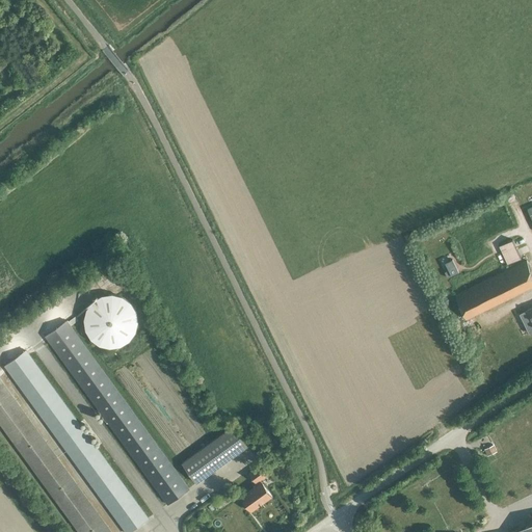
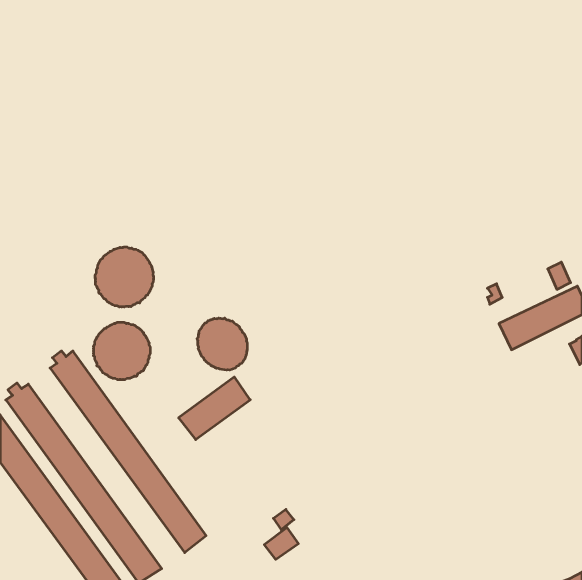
building: none -> [95,247,153,307]
building: none -> [197,318,247,370]
building: [182,427,247,484] -> [179,377,250,440]

